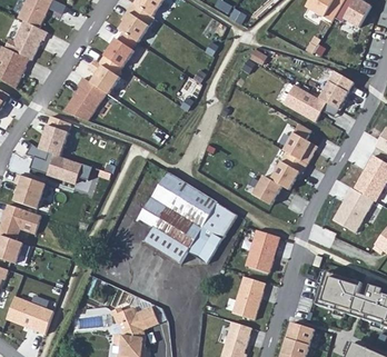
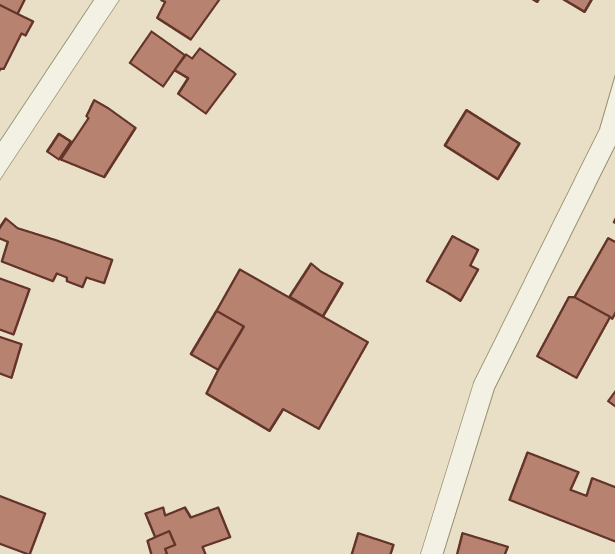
building: [88,56,122,92] -> [174,49,235,114]
building: [319,71,355,111] -> none
building: [39,116,71,156] -> none
building: [281,122,317,166] -> none
building: [252,175,282,205] -> [289,264,343,317]
building: [246,229,280,272] -> none
building: [232,276,266,319] -> none

